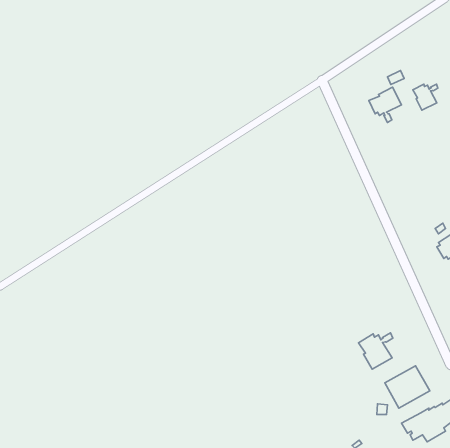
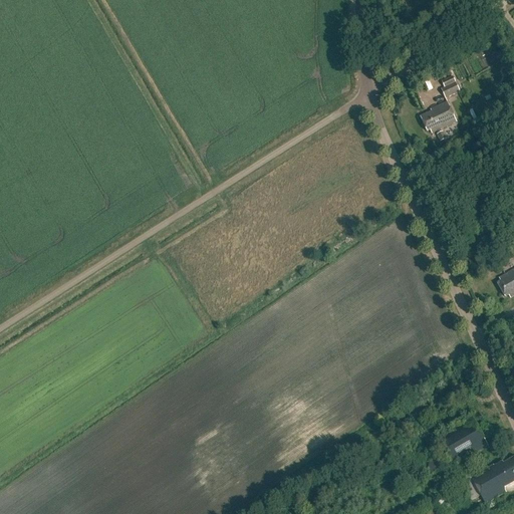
building: [413,84,438,110] -> none
building: [359,333,393,369] -> none

